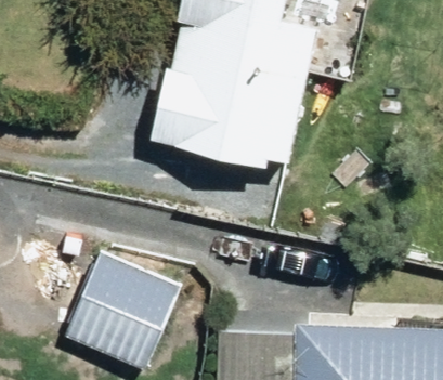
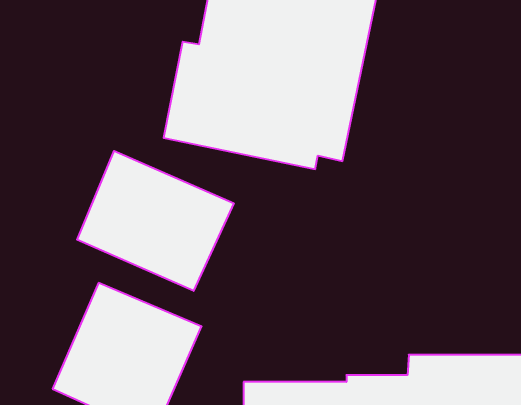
building: none -> [77,151,234,291]

